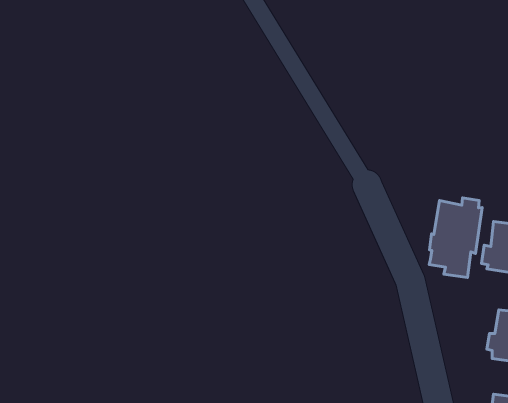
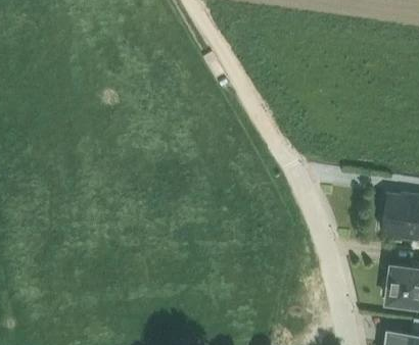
building: [429,198,482,278] -> none

